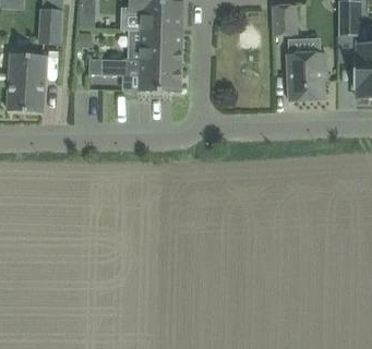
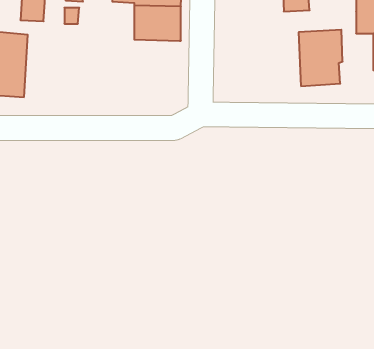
building: [88,58,180,92] -> none

